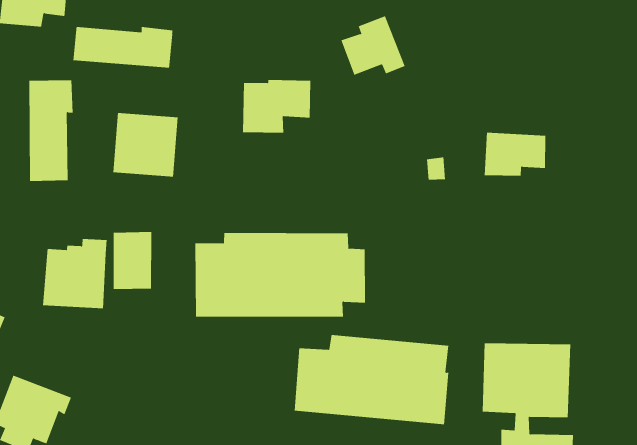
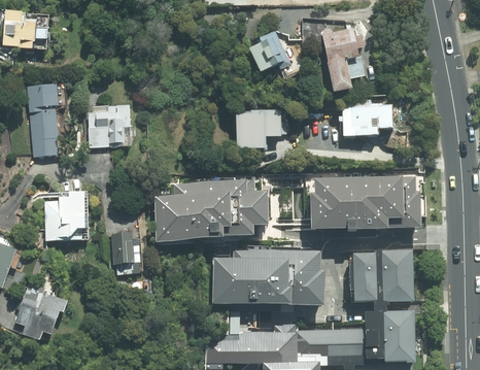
building: none -> [316,26,358,91]
building: [73,26,173,68] -> none
building: [242,80,311,133] -> [227,109,274,147]
building: [113,232,152,290] -> [113,233,142,274]
building: none -> [308,176,419,229]

